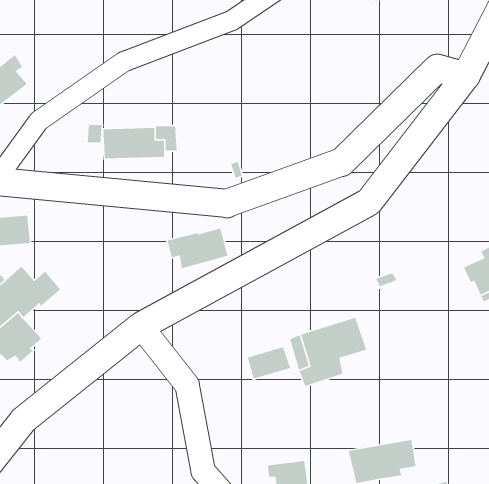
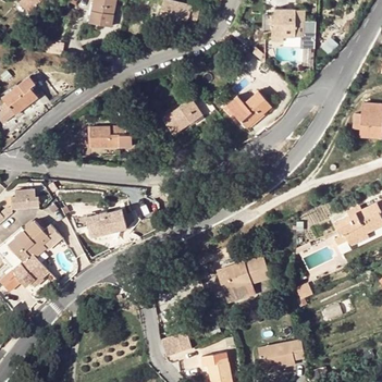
building: none -> [222,91,271,132]
building: none -> [162,99,204,136]
building: [167,227,229,269] -> [84,209,126,237]
building: [247,346,291,380] -> [161,333,192,356]

